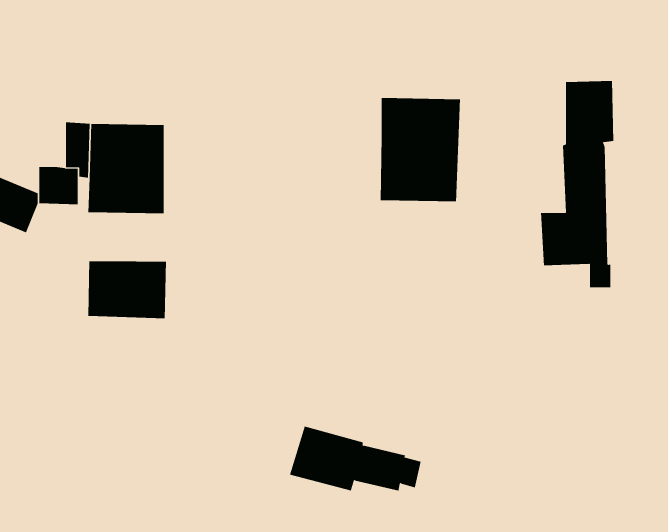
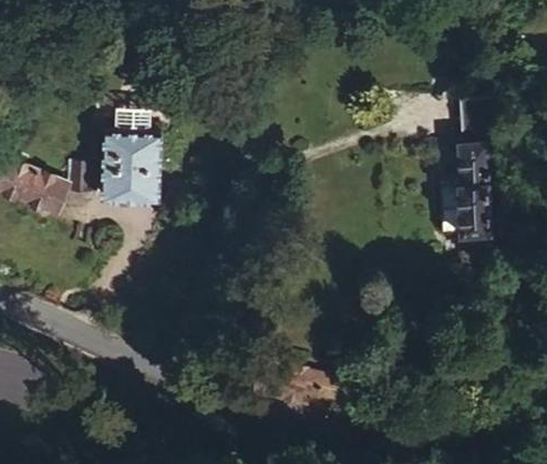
building: [380,97,460,202] -> none
building: [88,260,166,319] -> none

